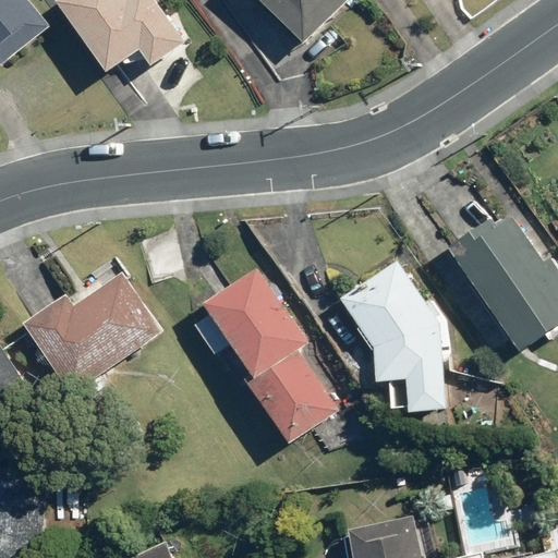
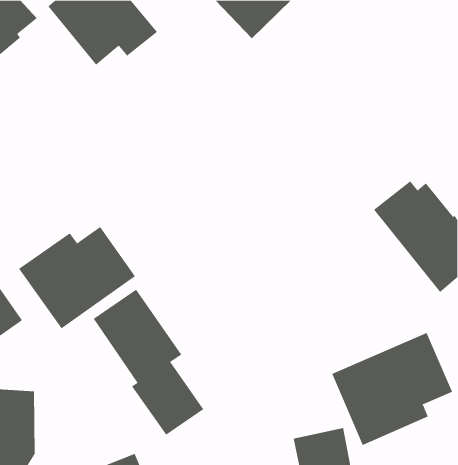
building: [337,258,444,410] -> none
building: [204,265,337,440] -> [93,289,204,436]
building: none -> [331,332,453,446]

